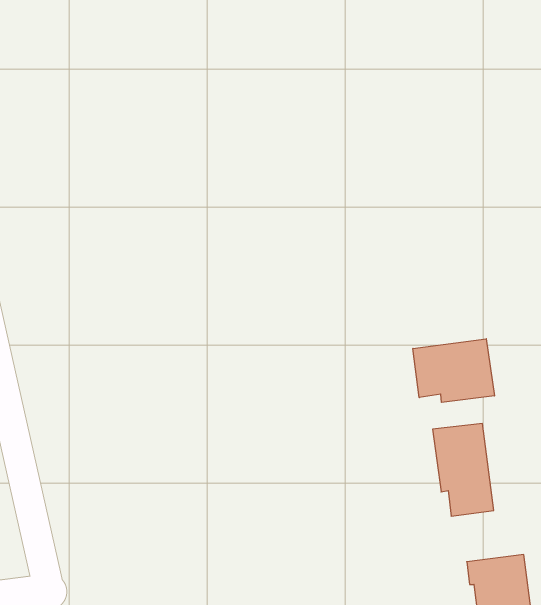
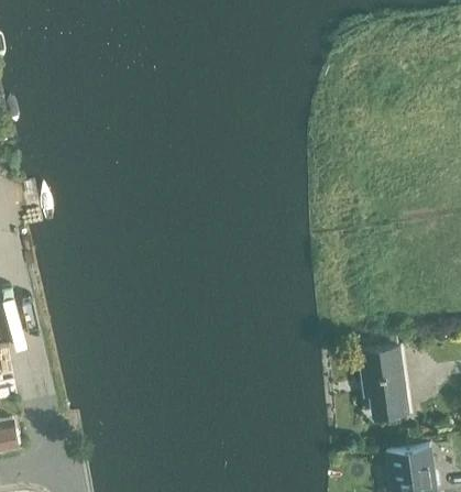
building: [413,339,494,402] -> none

